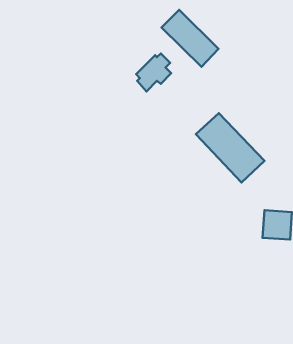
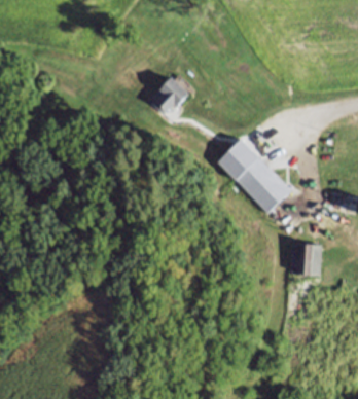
building: [161,10,219,67] -> none

